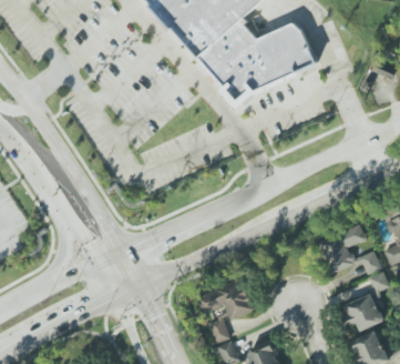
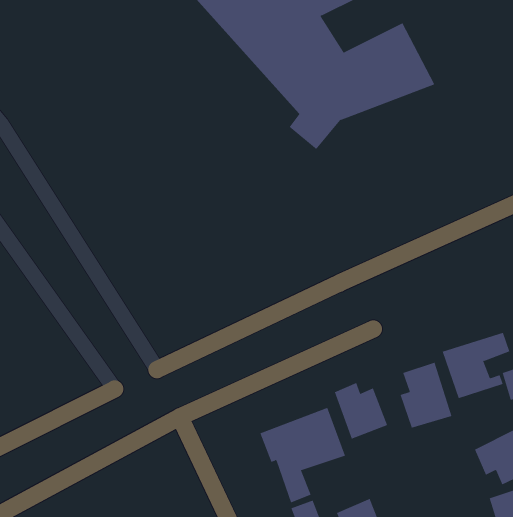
building: none -> [400,362,452,428]
building: none -> [334,382,388,439]

